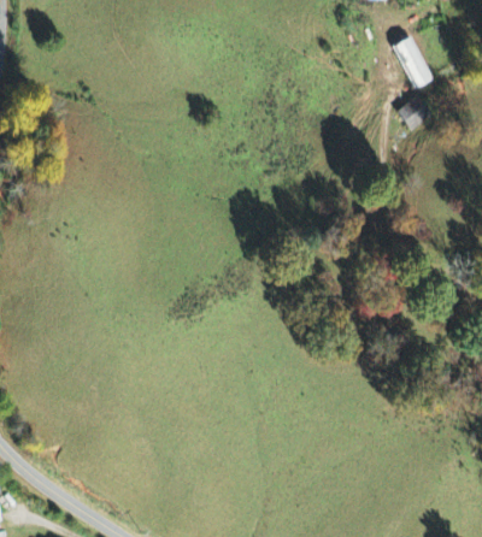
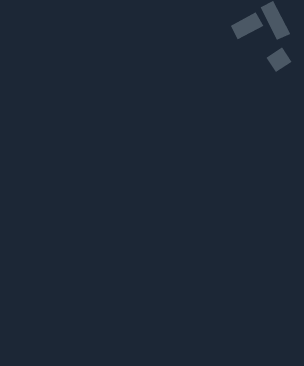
building: none -> [230,12,264,40]

